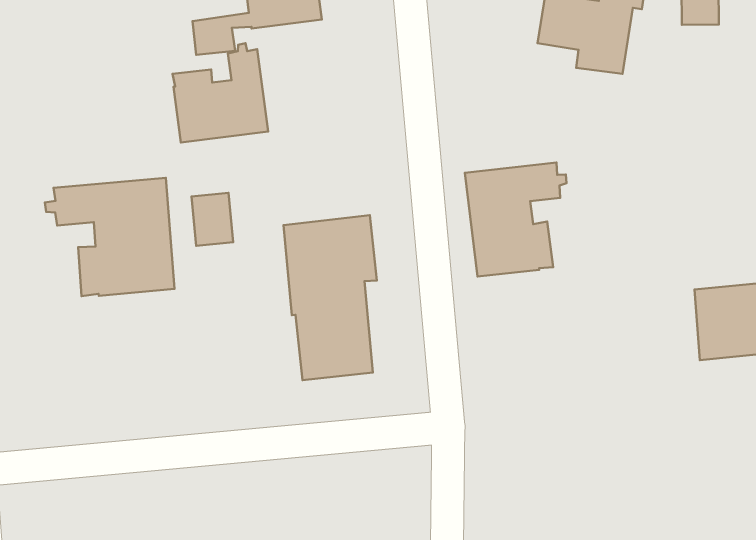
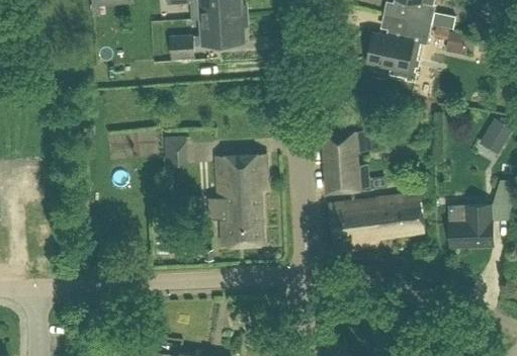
building: [173,43,268,142] -> none
building: [45,178,174,296] -> none
building: none -> [328,195,422,253]

